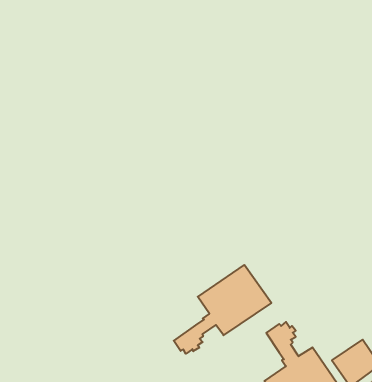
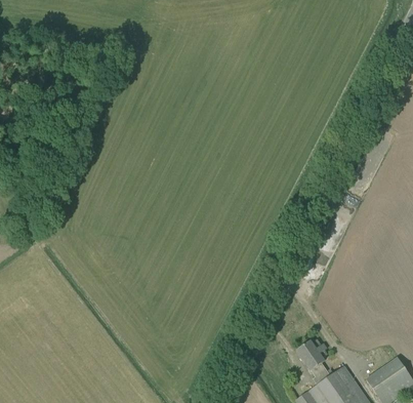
building: [174,265,271,354] -> none

